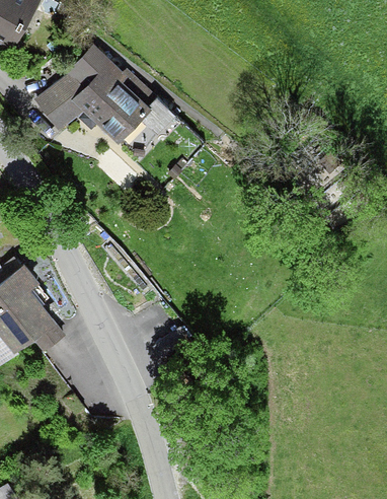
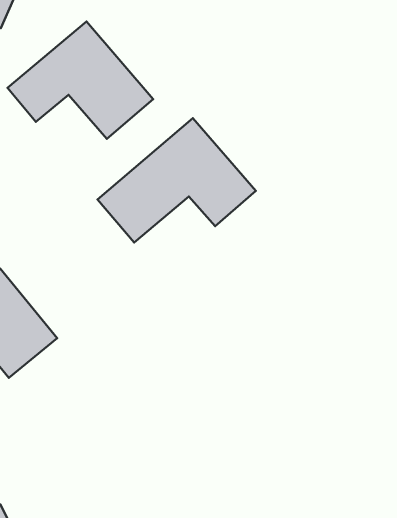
building: none -> [97,118,256,243]

